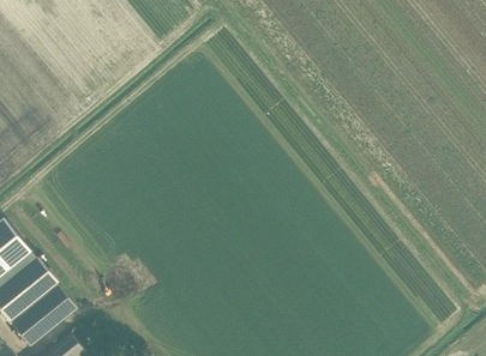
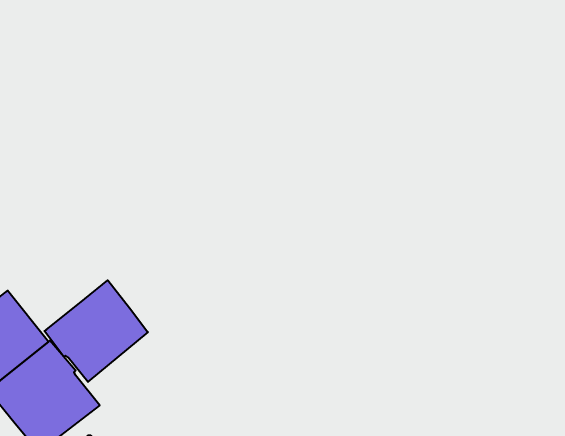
building: none -> [44,280,148,382]

